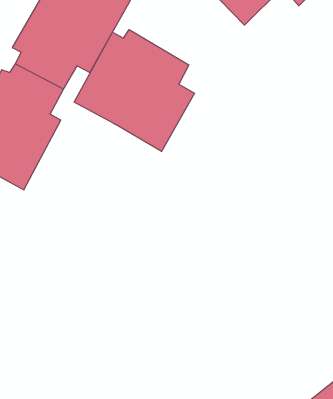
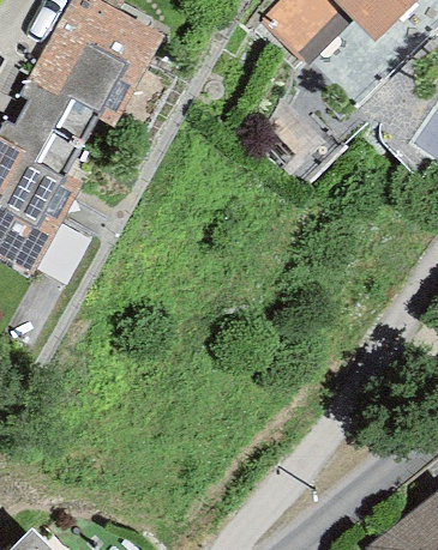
building: [74,30,195,151] -> none

